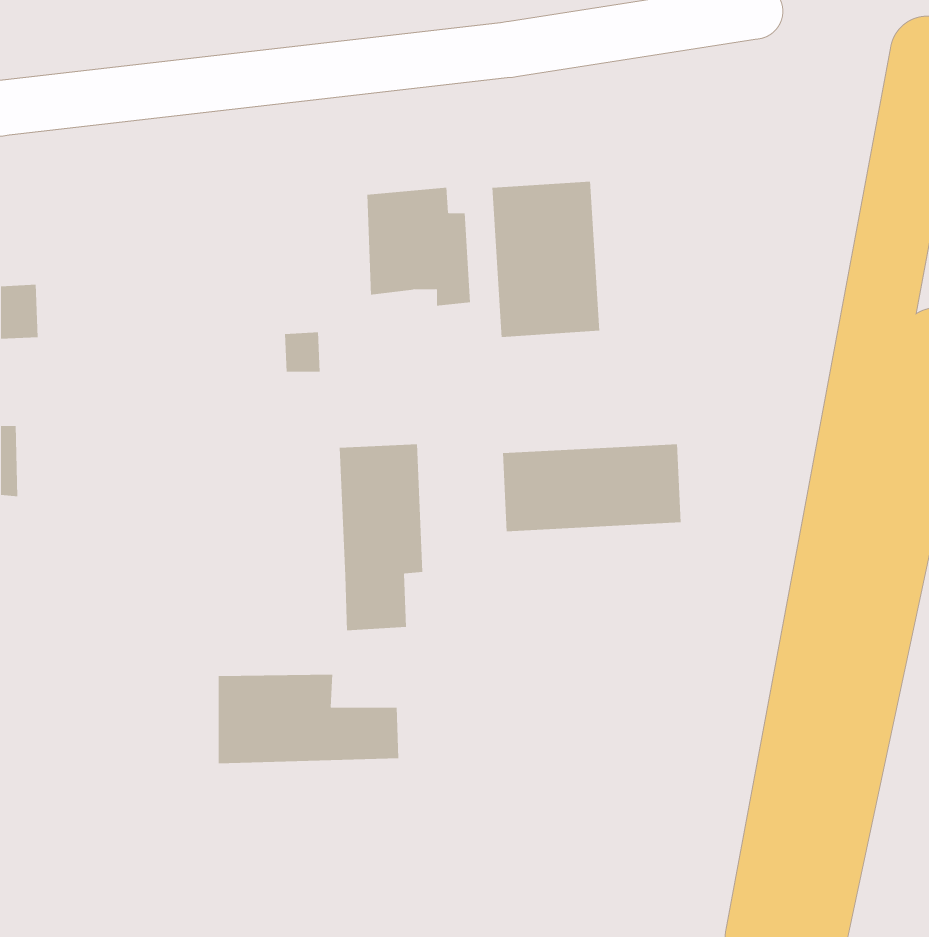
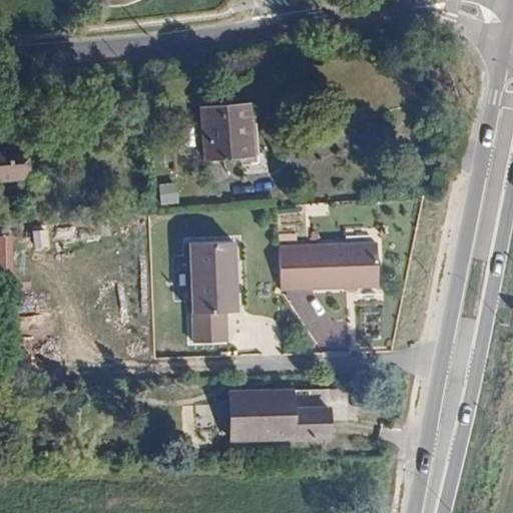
building: [492,181,600,338] -> none
building: [218,674,399,764] -> [232,389,332,438]

